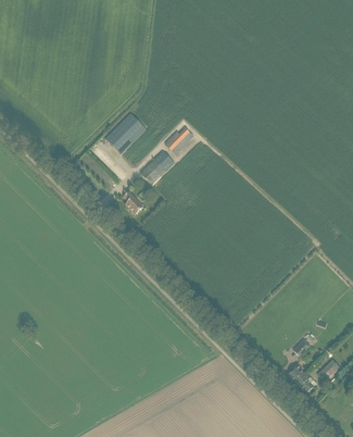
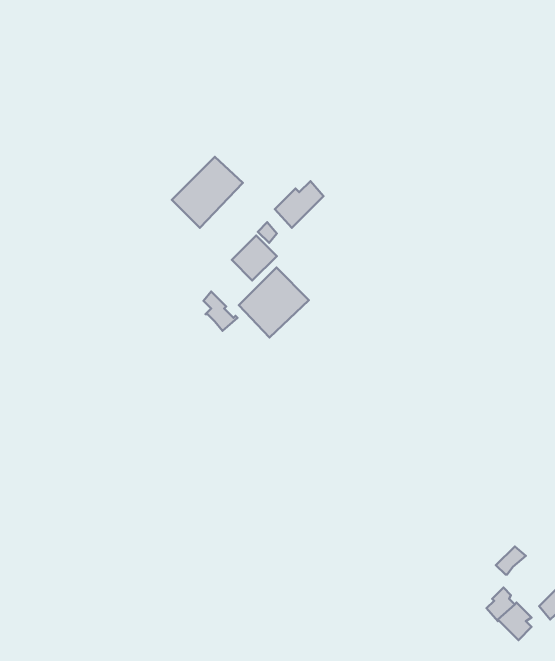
building: none -> [239,268,309,338]

